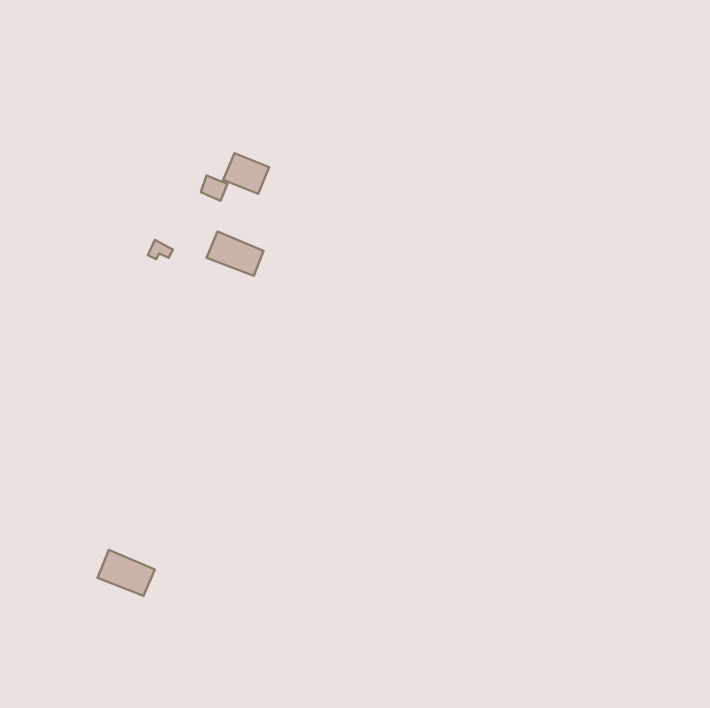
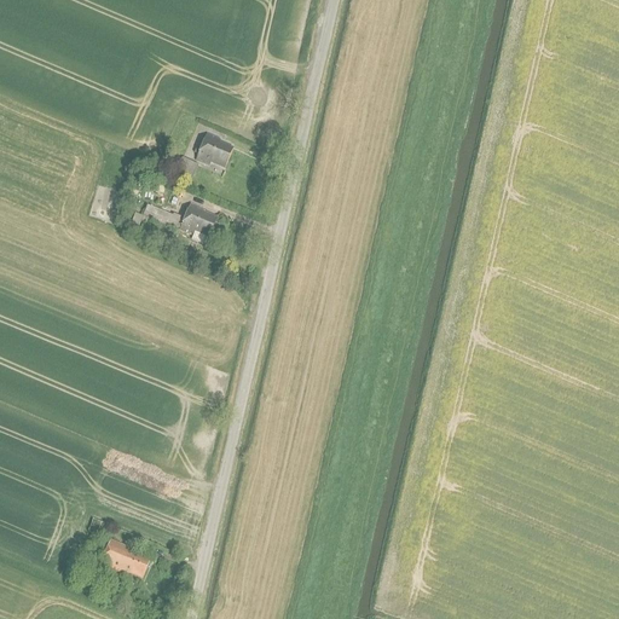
building: [98,550,155,596] -> [99,536,149,575]

